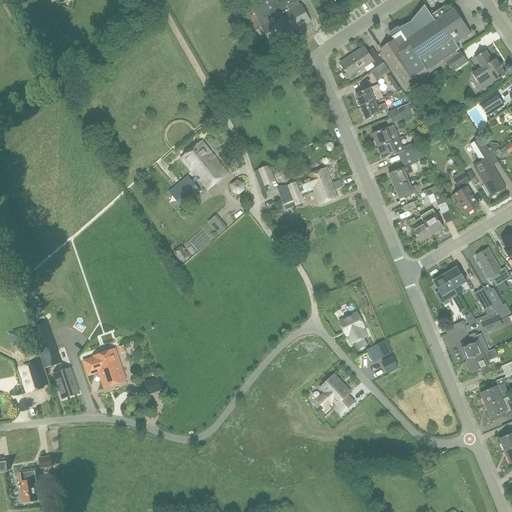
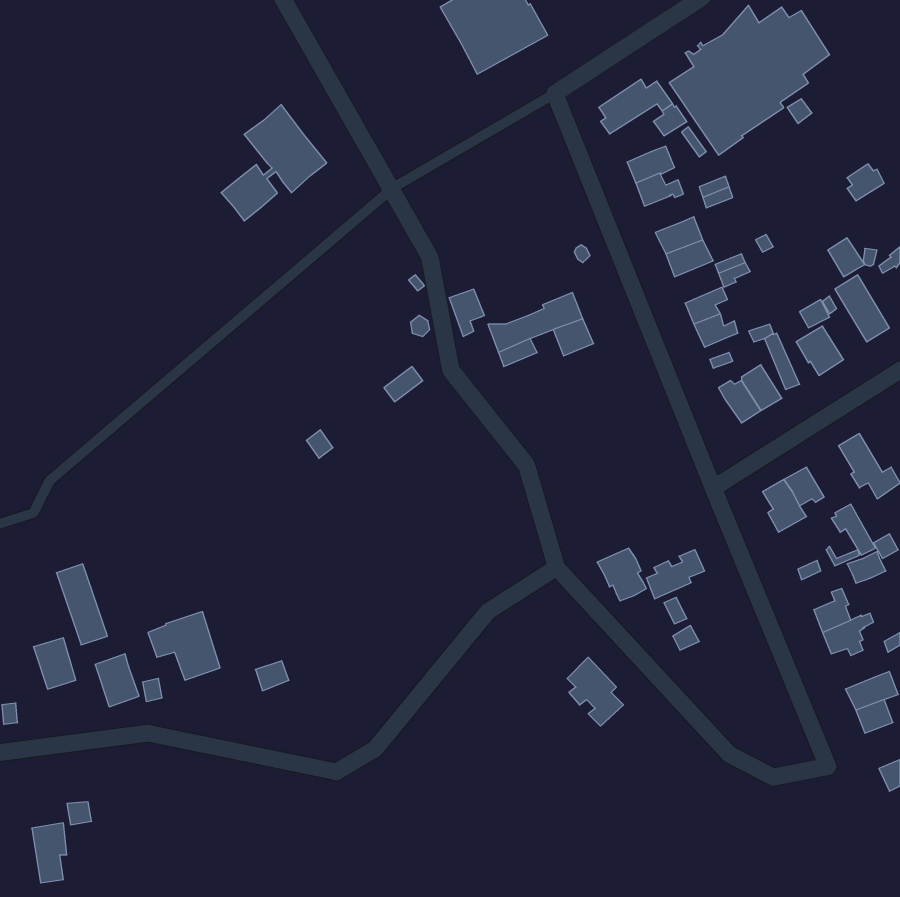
building: [472,49,506,85] -> none
building: [168,139,228,205] -> [221,105,327,221]
building: none -> [646,550,704,599]

